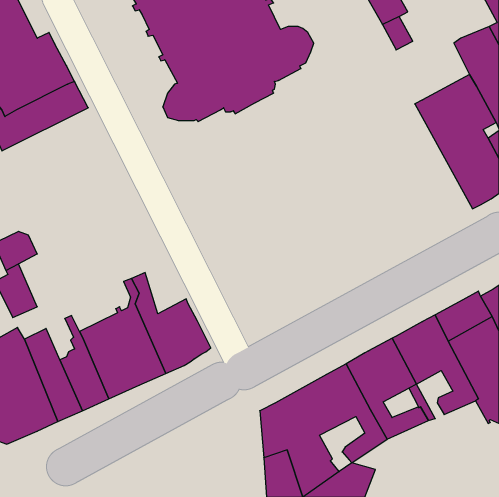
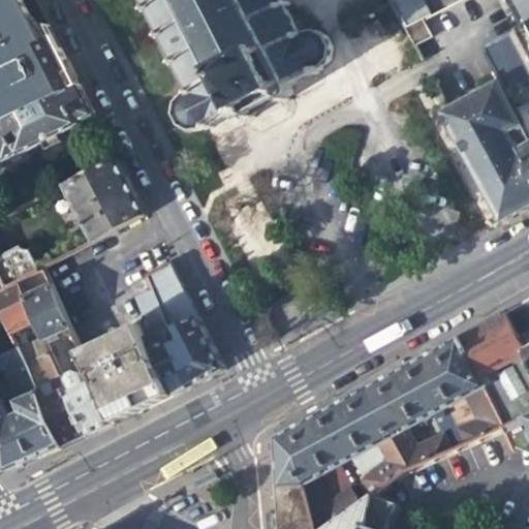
building: none -> [64,158,144,239]
building: none -> [146,260,196,331]
building: none -> [20,267,70,335]

